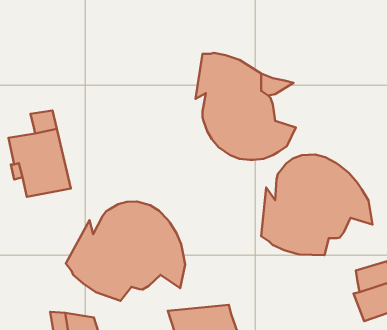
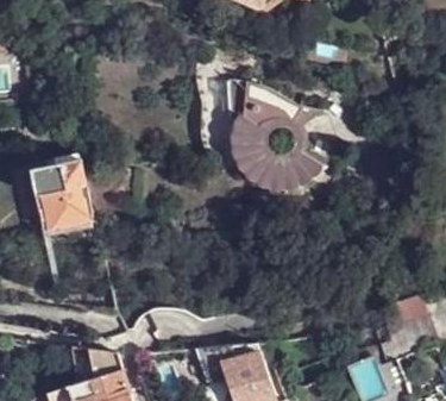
building: [261,155,373,255] -> none
building: [66,201,185,301] -> none

